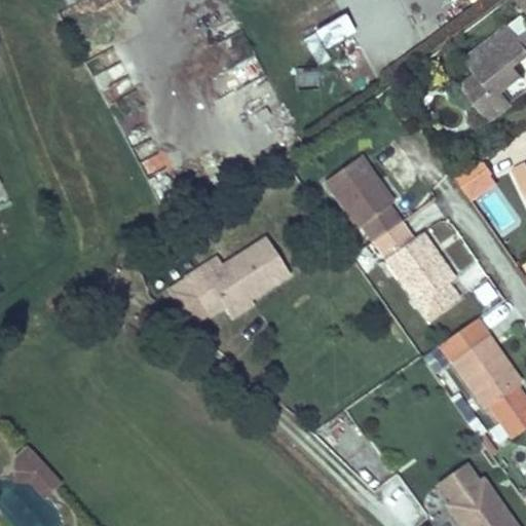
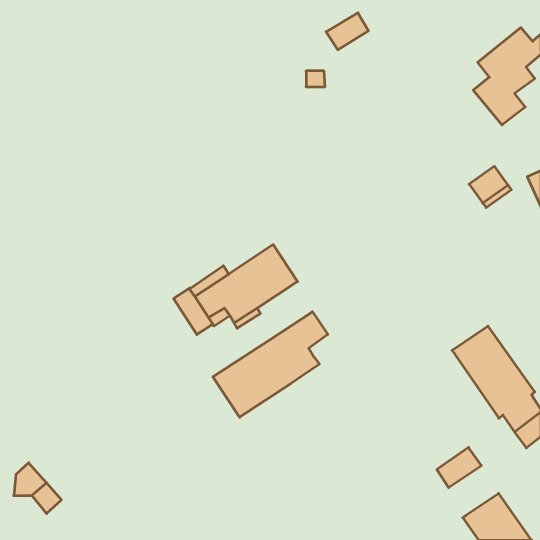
building: [323,154,399,238] -> none
building: [355,223,487,320] -> none
building: none -> [213,312,328,417]
building: [442,461,485,500] -> [437,447,481,488]

